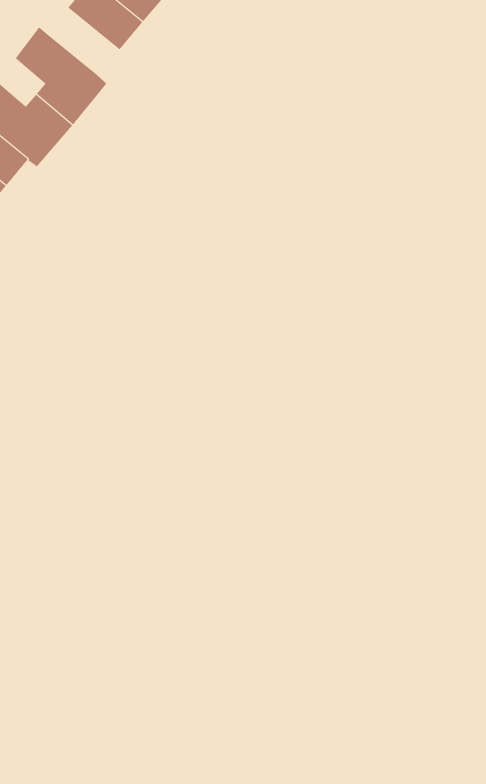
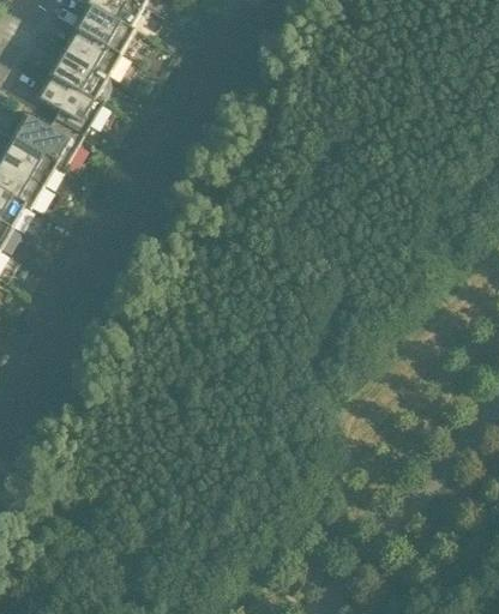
building: none -> [50,55,104,100]

